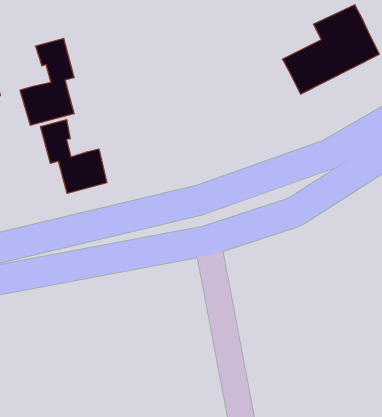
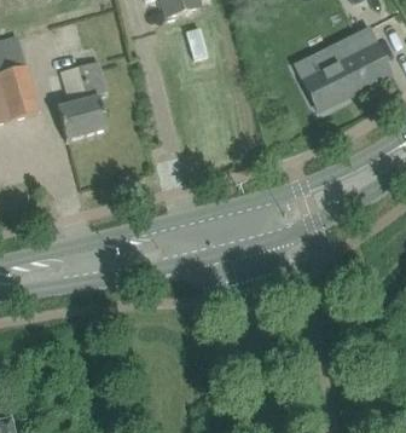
building: [41,120,107,193] -> none

